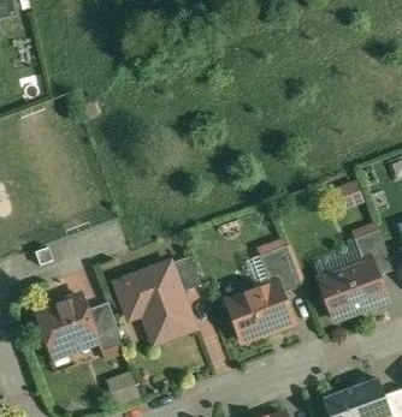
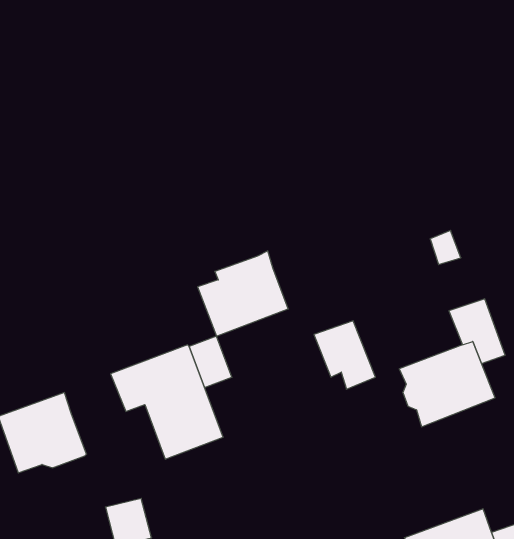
building: [227,281,291,341] -> [198,251,288,336]
building: [87,302,122,351] -> none

